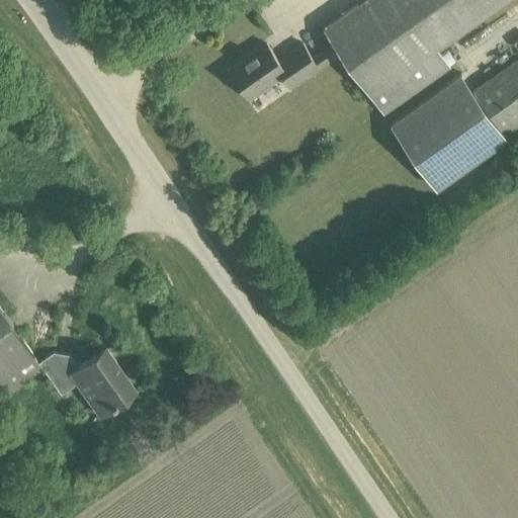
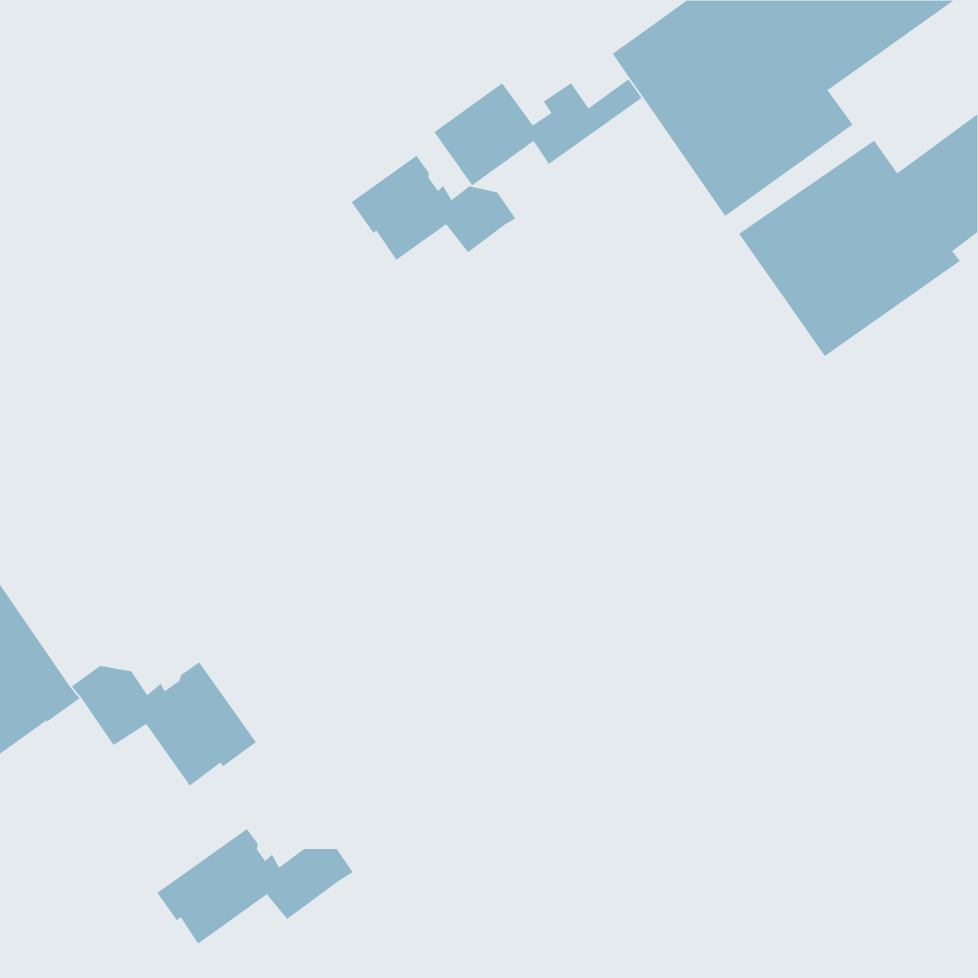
building: none -> [351,155,516,261]
building: none -> [157,828,353,944]

